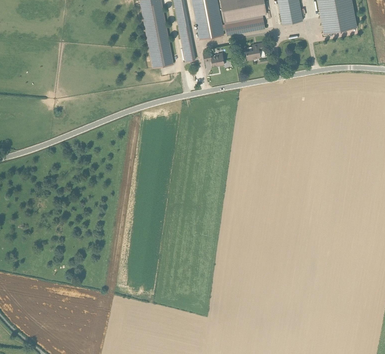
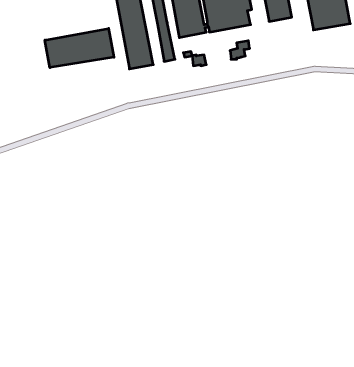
building: none -> [45,28,114,68]

